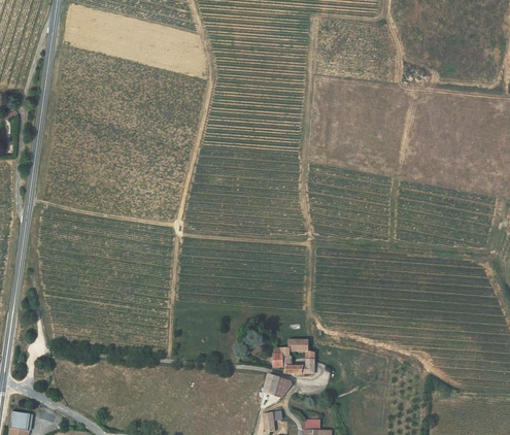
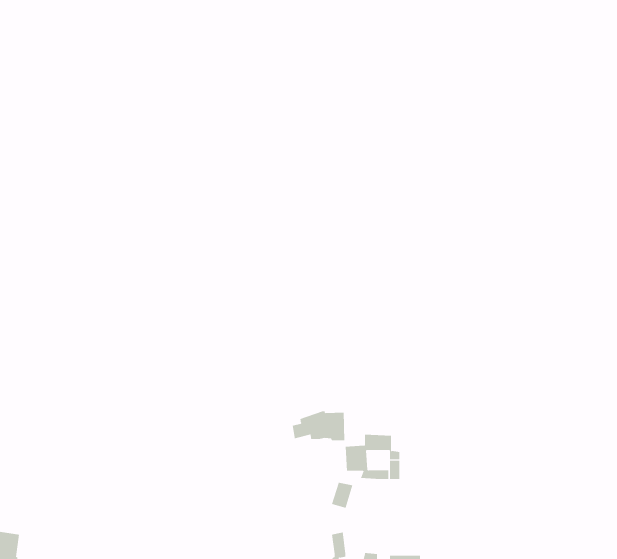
building: none -> [292,411,345,441]

